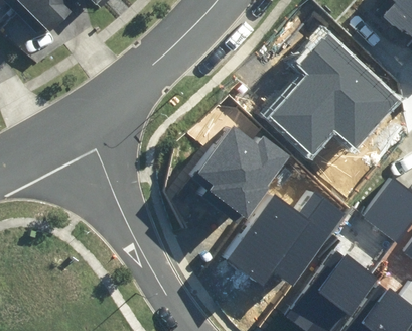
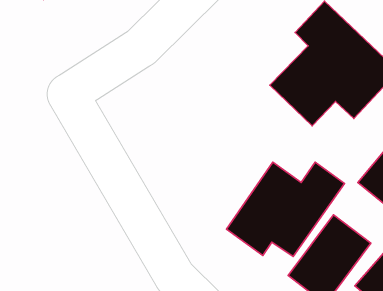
building: [192,126,292,222] -> none

